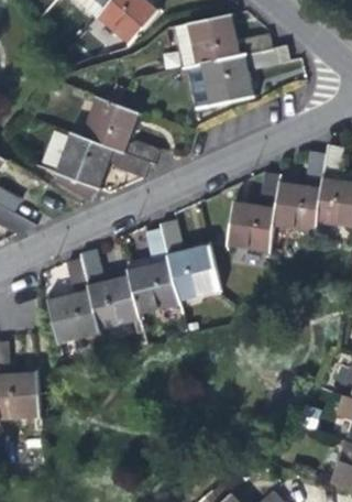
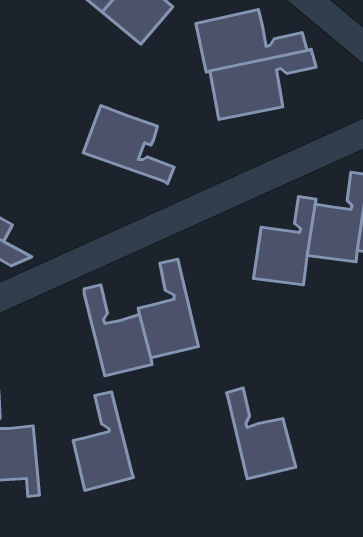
building: [55,133,150,200] -> none
building: [161,220,220,298] -> [227,388,296,479]
building: [48,258,100,342] -> [73,392,133,490]

